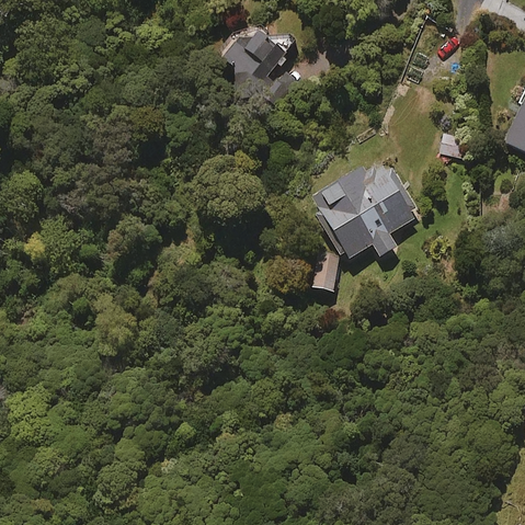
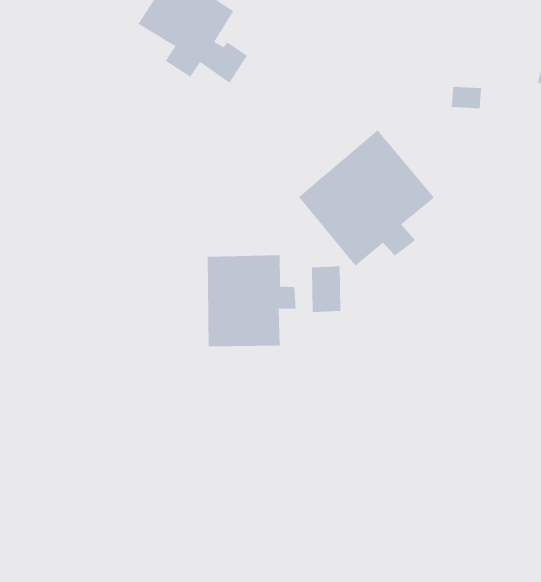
building: none -> [207,254,296,347]

